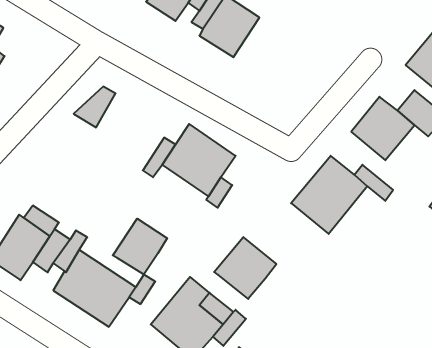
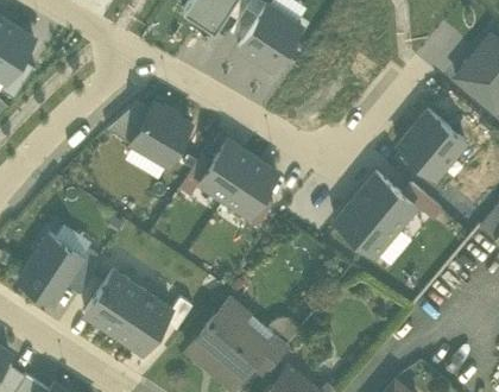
building: none -> [131,103,191,165]
building: [113,219,167,275] -> none
building: [214,237,276,299] -> none

